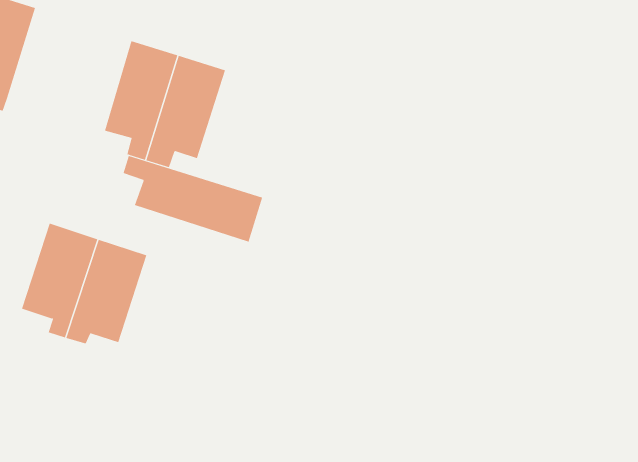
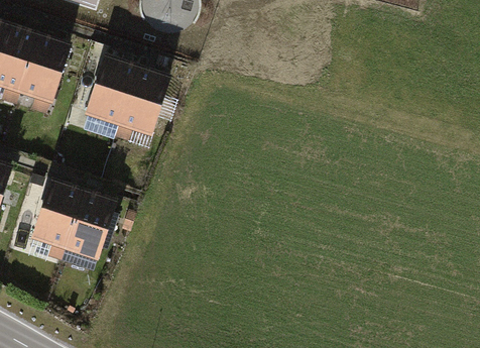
building: none -> [20,34,72,114]
building: [123,155,263,243] -> none

